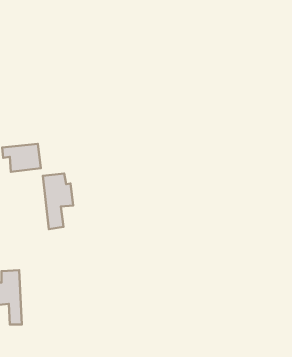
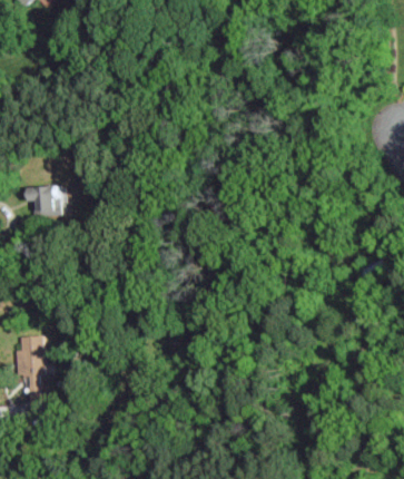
building: [43,173,73,229] -> none

